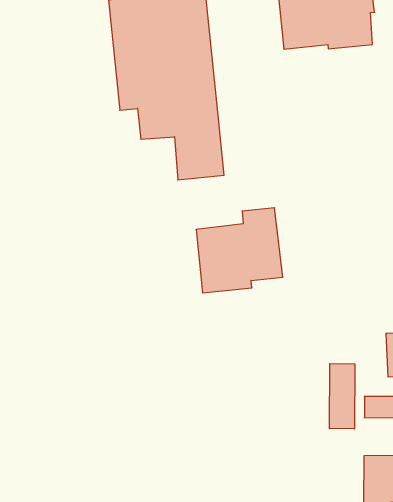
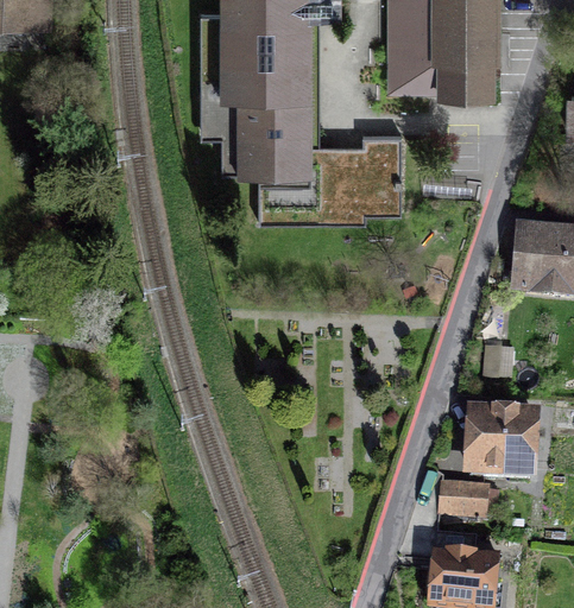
building: [196,208,283,293] -> [310,134,402,221]
building: [329,364,355,429] -> none

